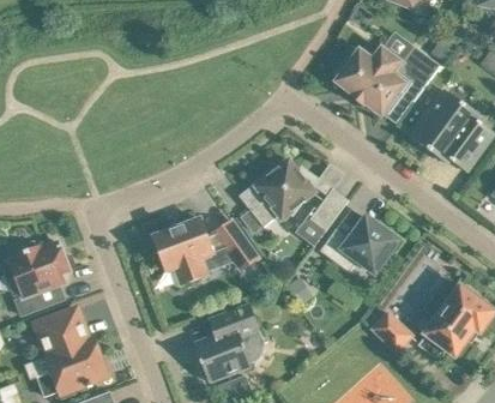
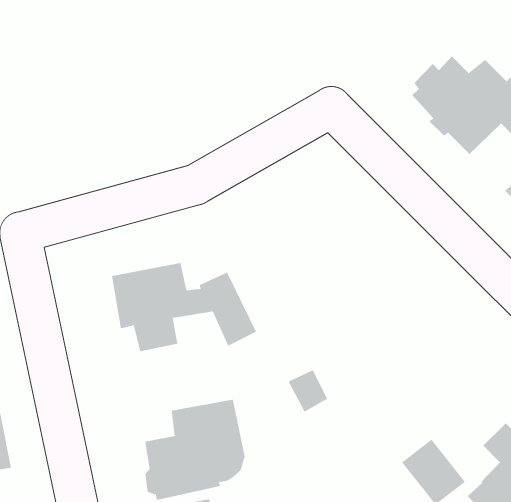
building: [239,158,319,233] -> none
building: [309,188,348,229] -> none
building: [319,216,398,272] -> none

